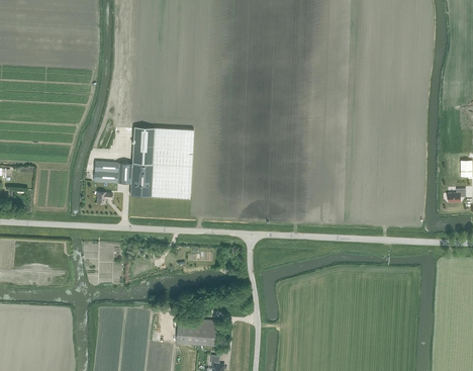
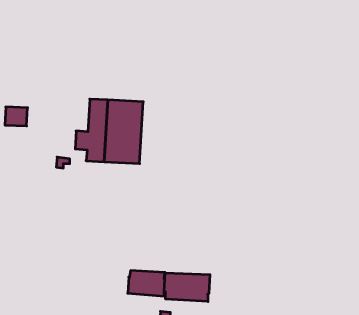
building: [93,161,118,182] -> [5,107,28,126]
building: none -> [164,273,210,302]

